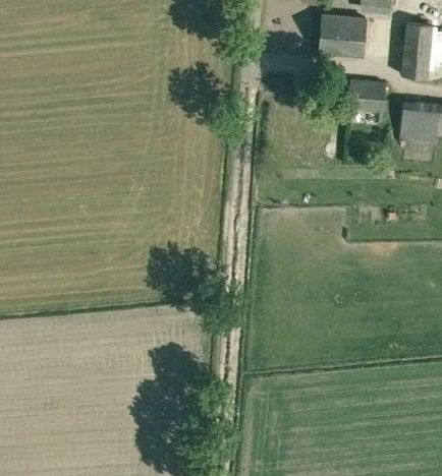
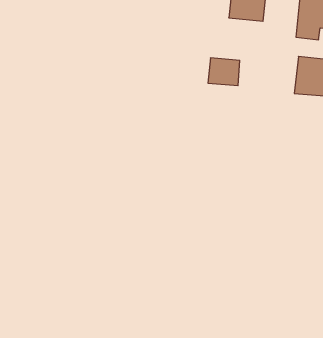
building: [347,79,386,113] -> [208,58,240,86]

